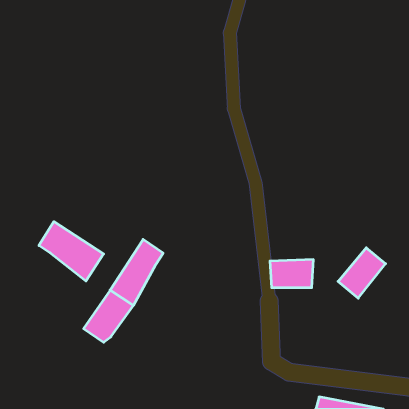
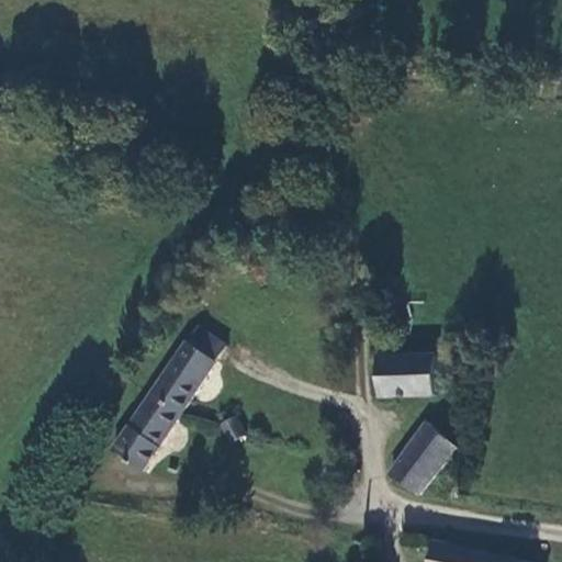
building: [39,222,104,281] -> none
building: [338,248,386,298] -> [382,425,447,494]

